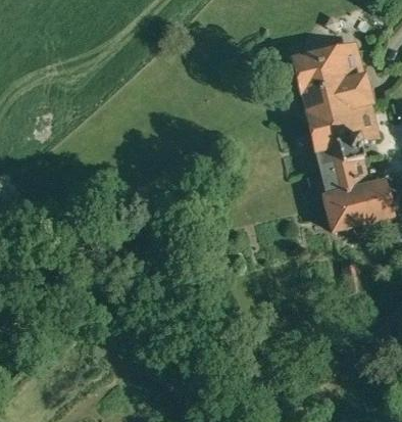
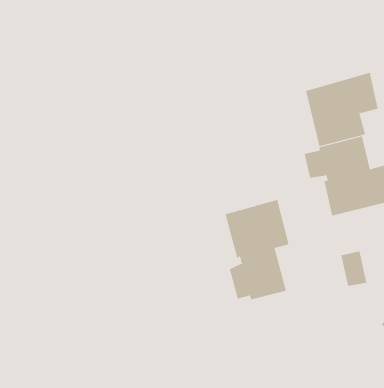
building: [296,43,369,119] -> none
building: none -> [225,199,289,300]

